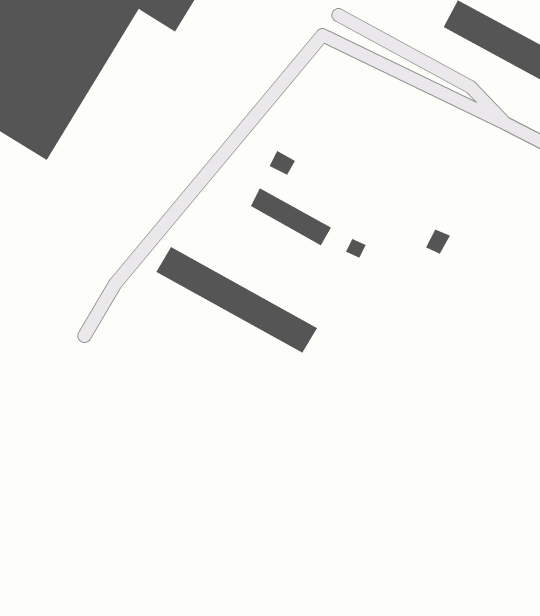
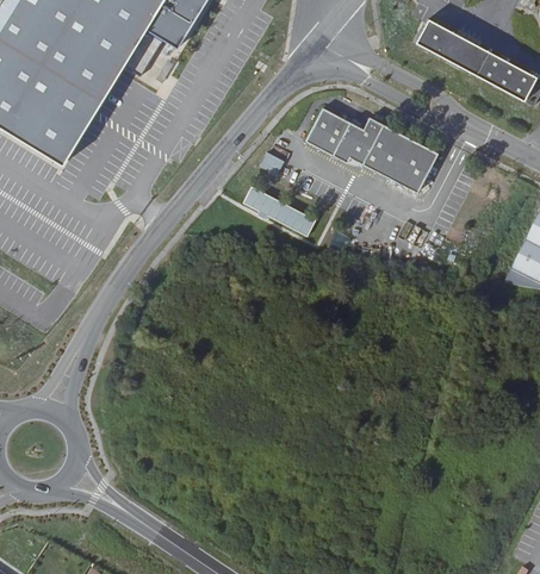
building: none -> [305,111,439,195]
building: [156,246,318,354] -> none

